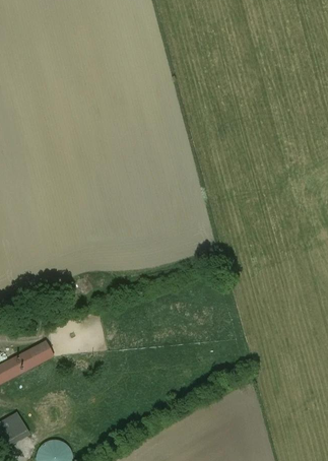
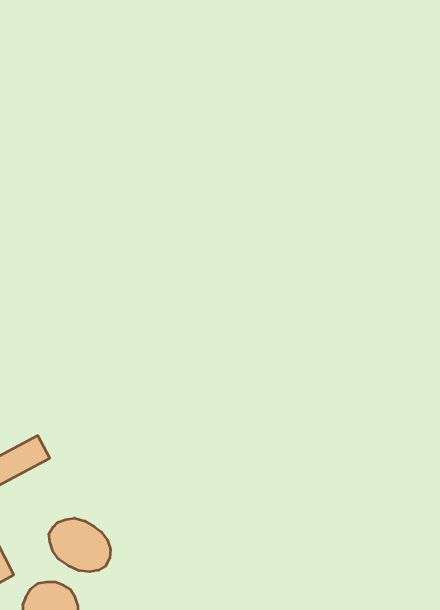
building: none -> [49,518,110,572]

